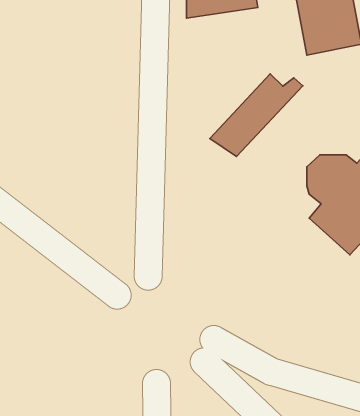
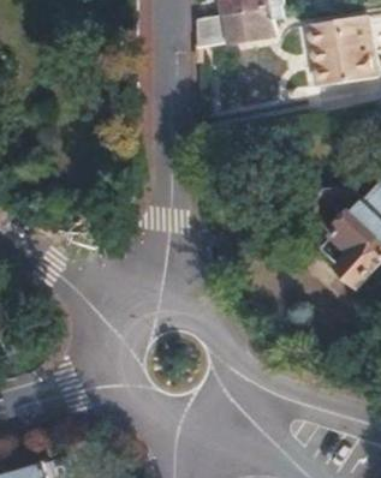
building: [210,74,303,157] -> none

